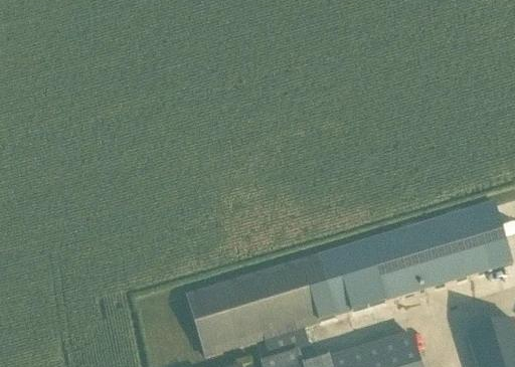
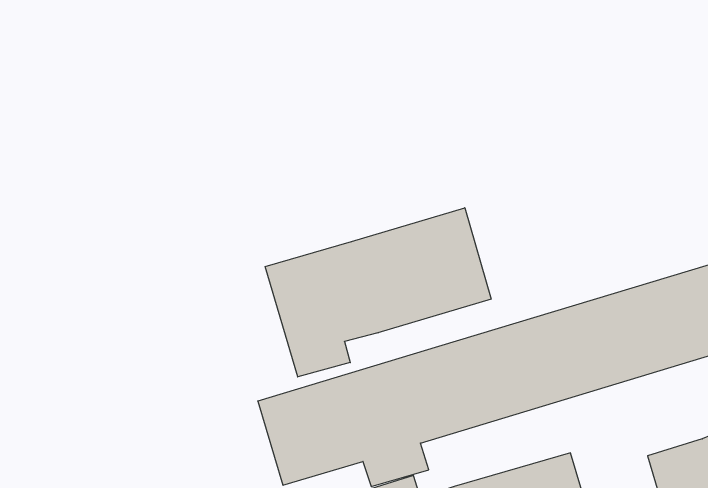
building: none -> [265,208,491,377]

